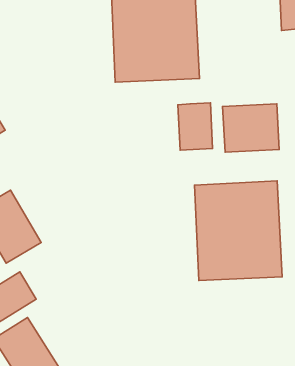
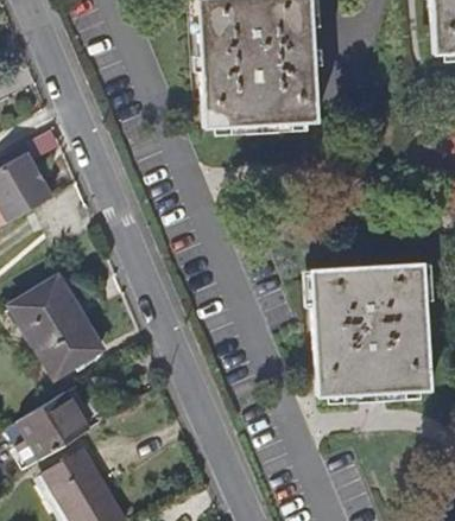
building: [178,103,213,150] -> none
building: [223,104,279,152] -> none

